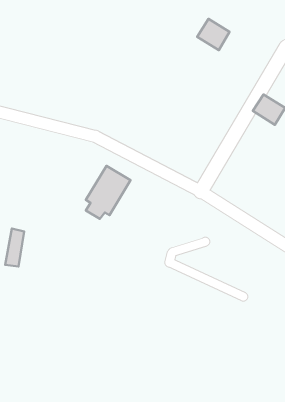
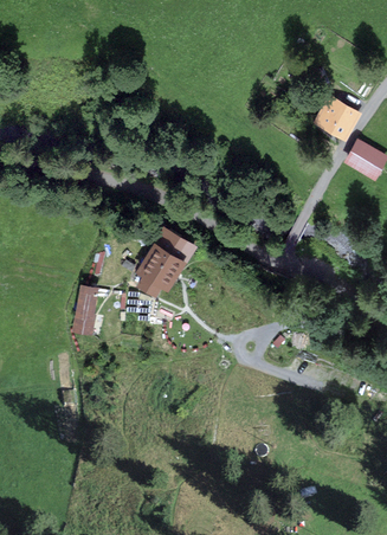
building: [197,19,229,50] -> [316,98,356,137]
building: [5,229,24,267] -> [72,286,96,334]

